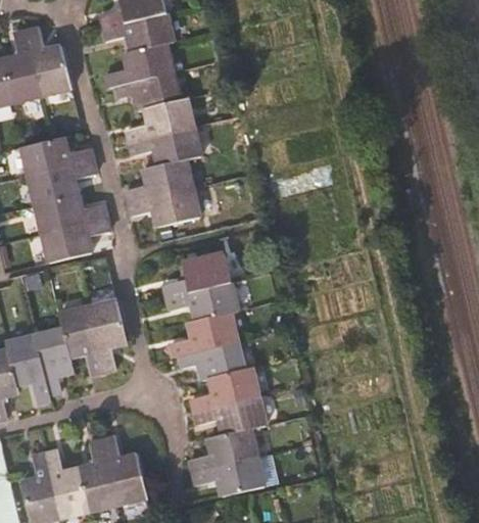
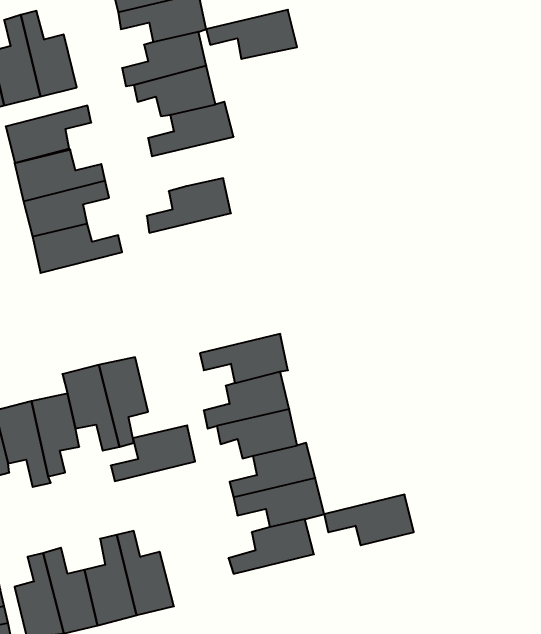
building: [130,127,201,165] -> [206,10,297,59]
building: [128,187,199,226] -> none
building: [42,218,109,263] -> [6,106,91,163]
building: [164,253,231,297] -> [111,425,195,481]
building: [194,456,265,495] -> [324,495,414,545]

